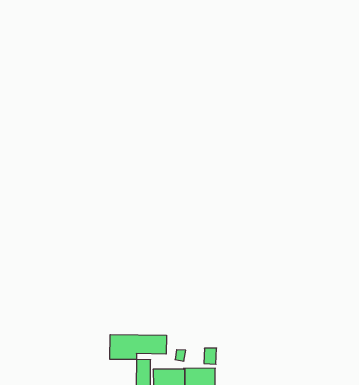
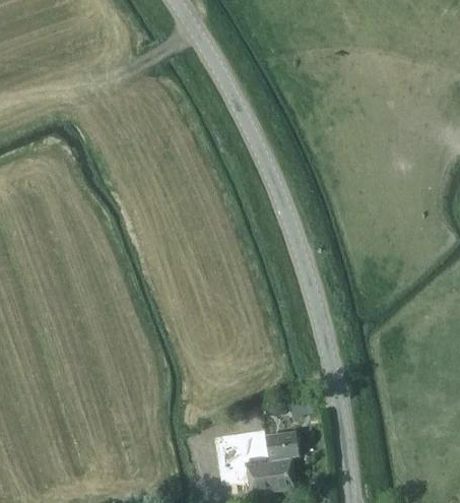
building: [110,335,166,359] -> none

